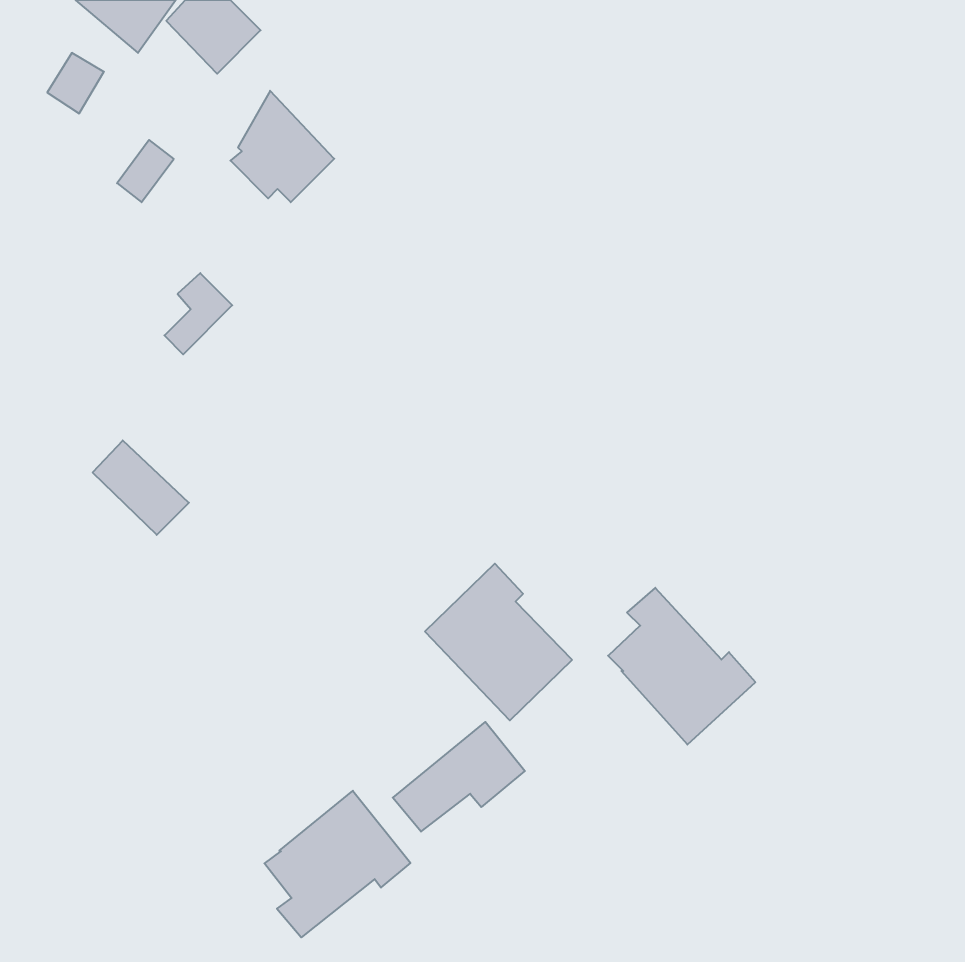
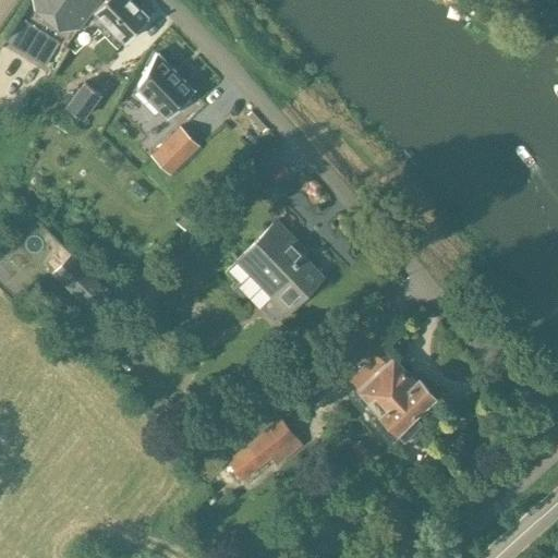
building: [164,273,232,354] -> [159,129,198,175]
building: [425,564,572,720] -> [238,222,323,313]
building: [264,791,410,937] -> none

